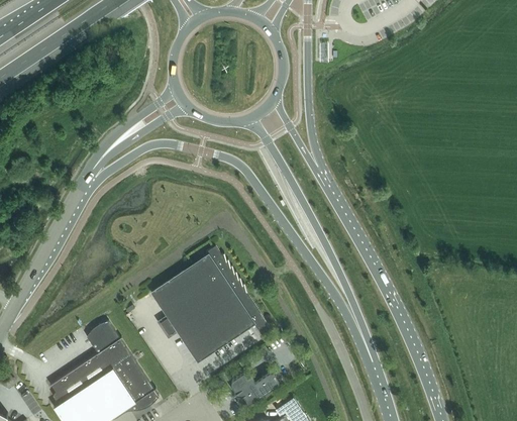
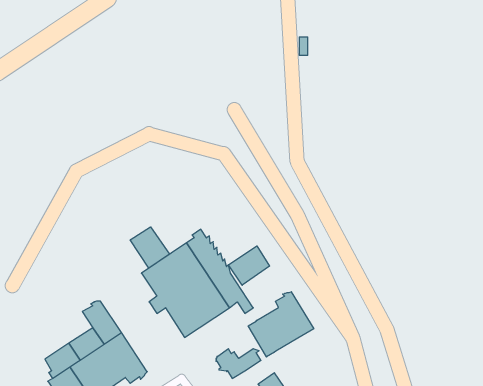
building: none -> [130,227,170,268]
building: none -> [228,246,270,285]
building: none -> [248,292,314,357]

